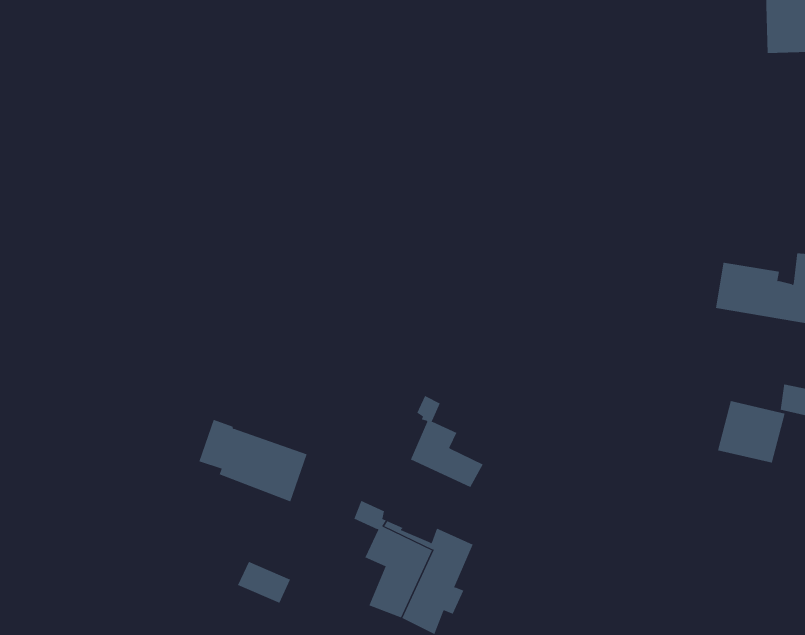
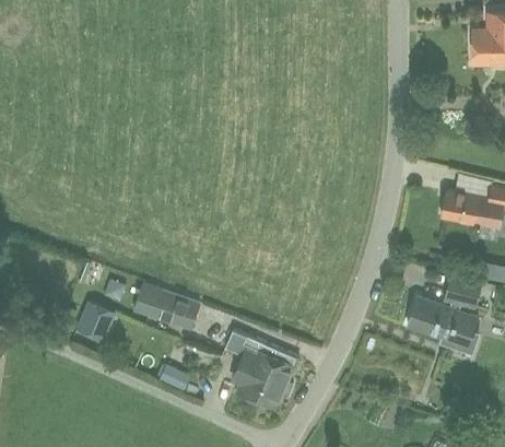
building: [410,395,484,488] -> none
building: none -> [407,296,478,350]
building: none -> [75,307,110,343]

